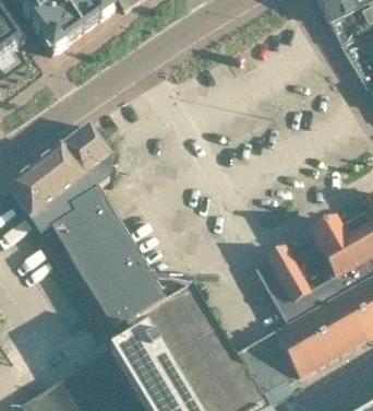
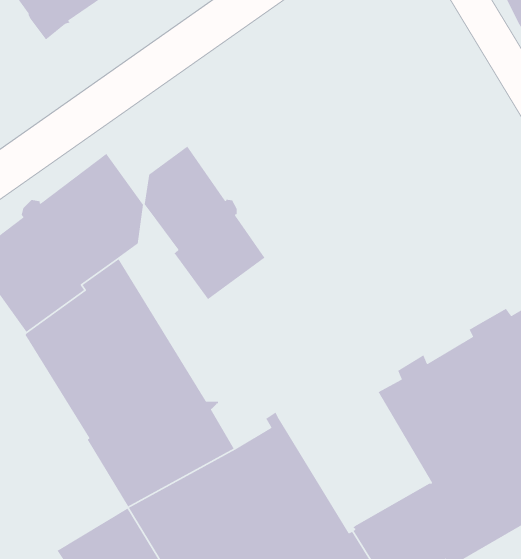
building: none -> [144,146,266,300]

